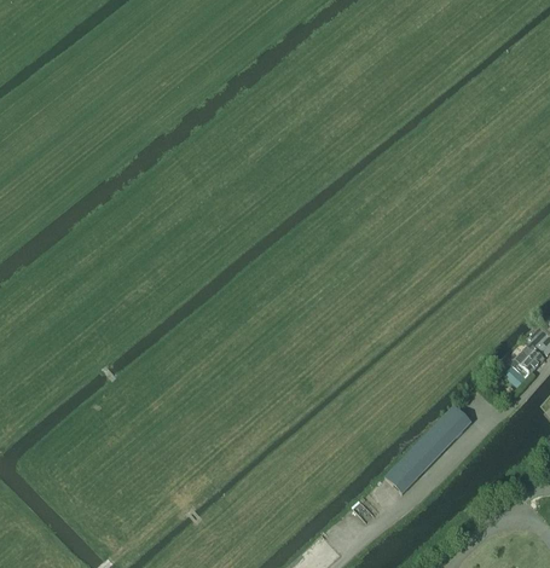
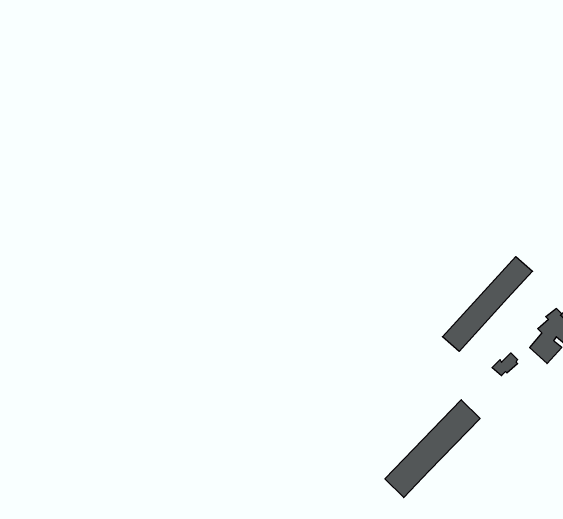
building: none -> [442,257,533,351]

